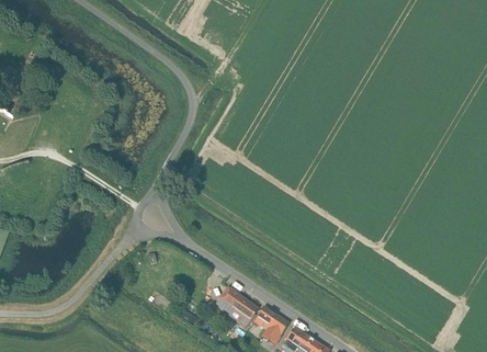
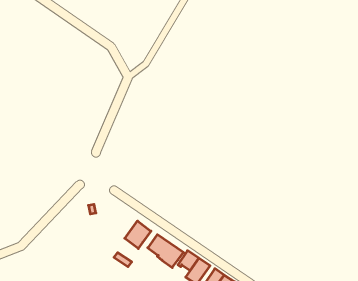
building: none -> [125,221,151,249]

